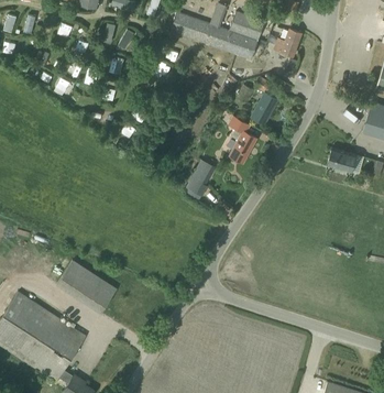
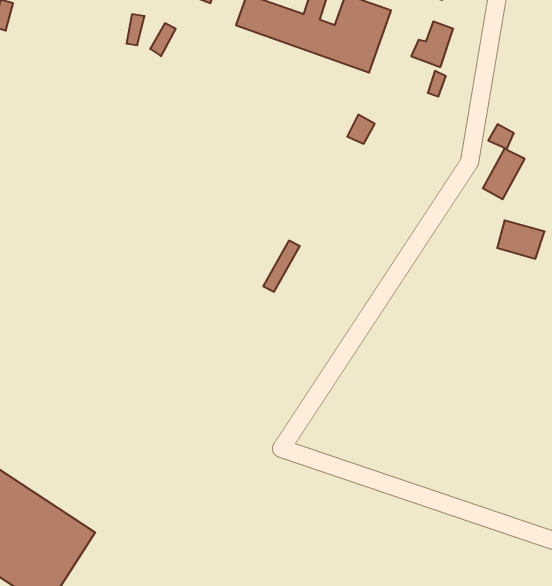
building: [251,77,276,122] -> [483,124,525,199]
building: [229,114,255,162] -> none
building: [56,260,116,313] -> none

